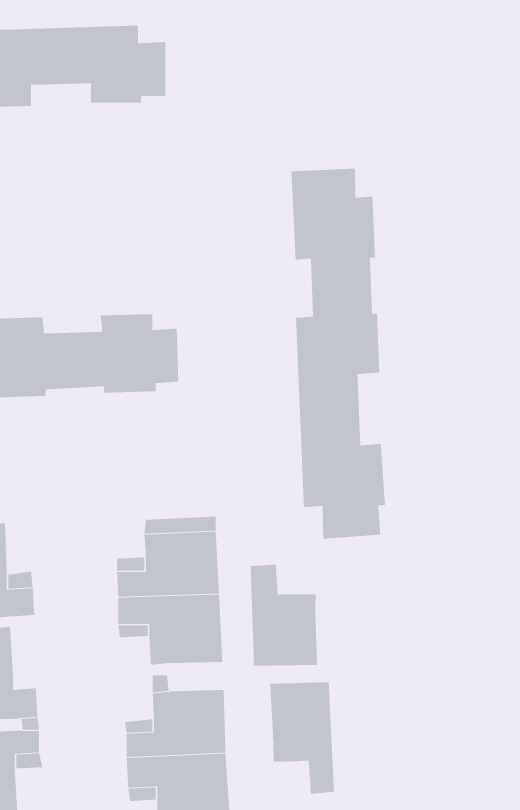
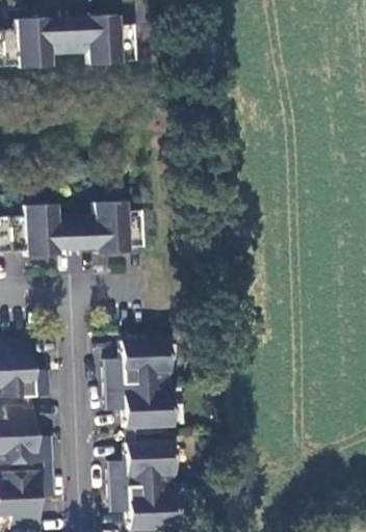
building: [291,168,386,540] -> none
building: [250,564,318,666] -> none
building: [270,681,334,794] -> none

